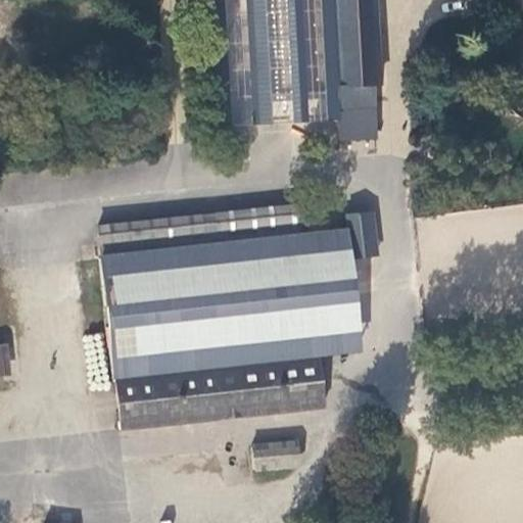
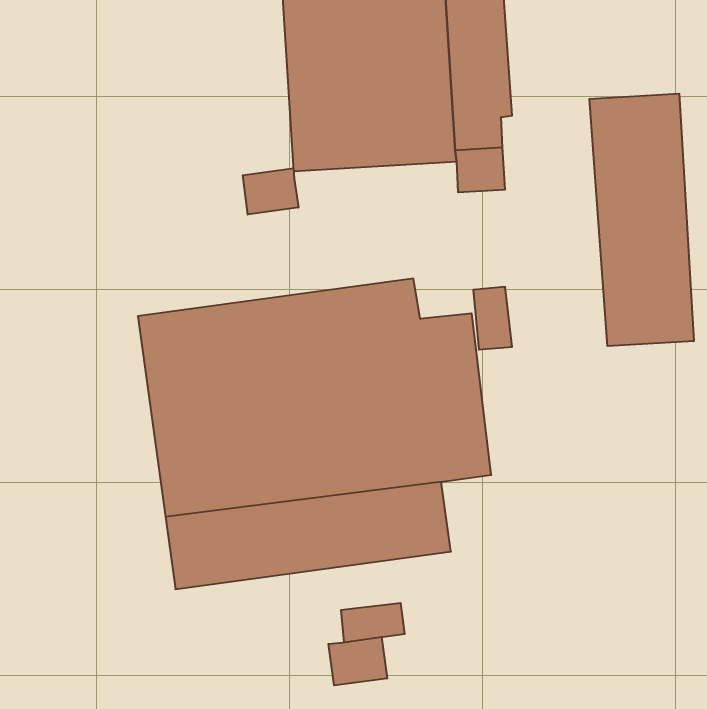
building: none -> [589,94,694,346]
building: none -> [243,168,298,215]
building: none -> [328,637,387,685]

